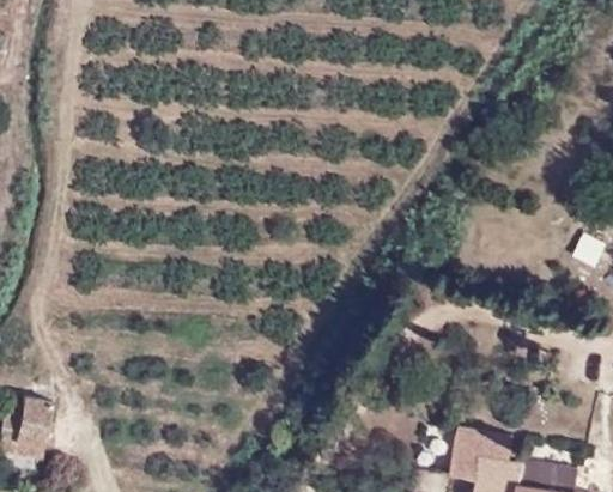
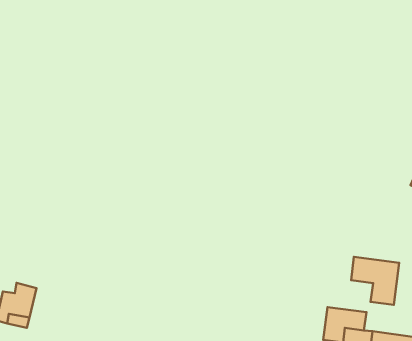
building: none -> [351,257,399,305]

